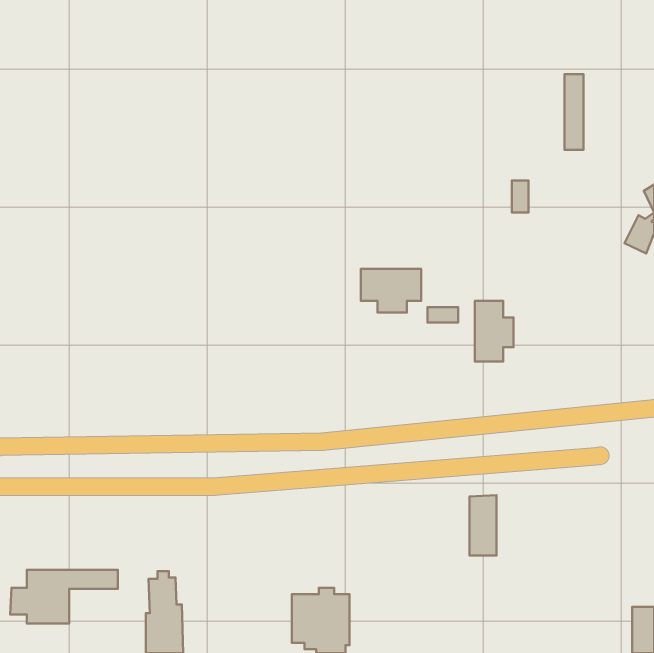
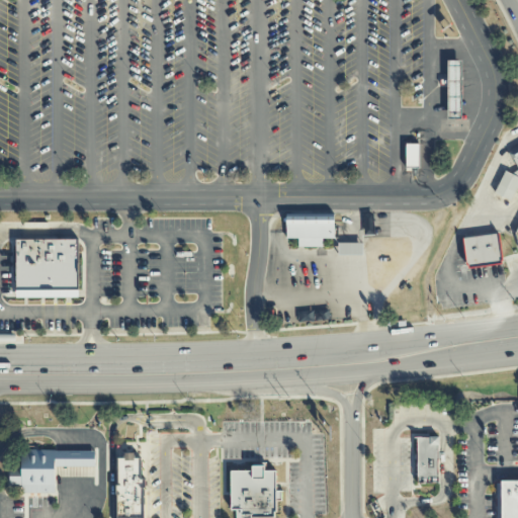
building: none -> [462,232,502,268]
building: [475,301,513,361] -> none
building: none -> [15,239,78,289]
building: [470,495,496,555] -> [417,436,438,484]

